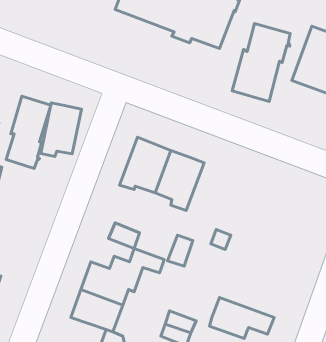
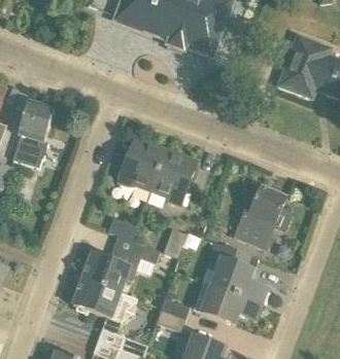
building: [232,23,290,101] -> none
building: [41,103,82,157] -> none
building: none -> [233,184,285,246]
building: none -> [206,242,267,303]

